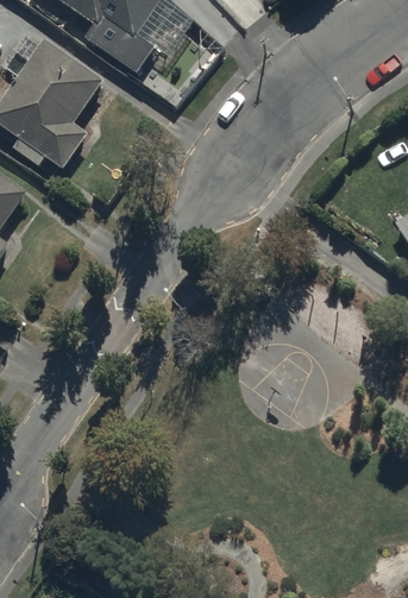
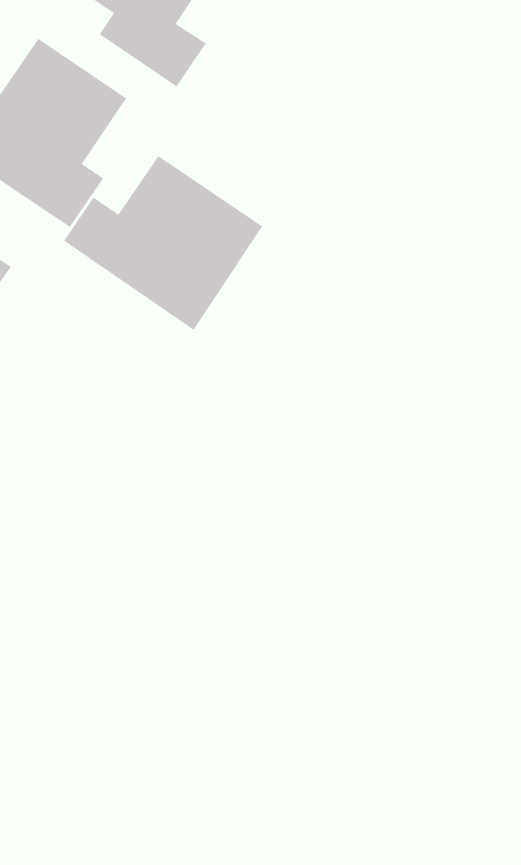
building: none -> [63,155,263,331]

